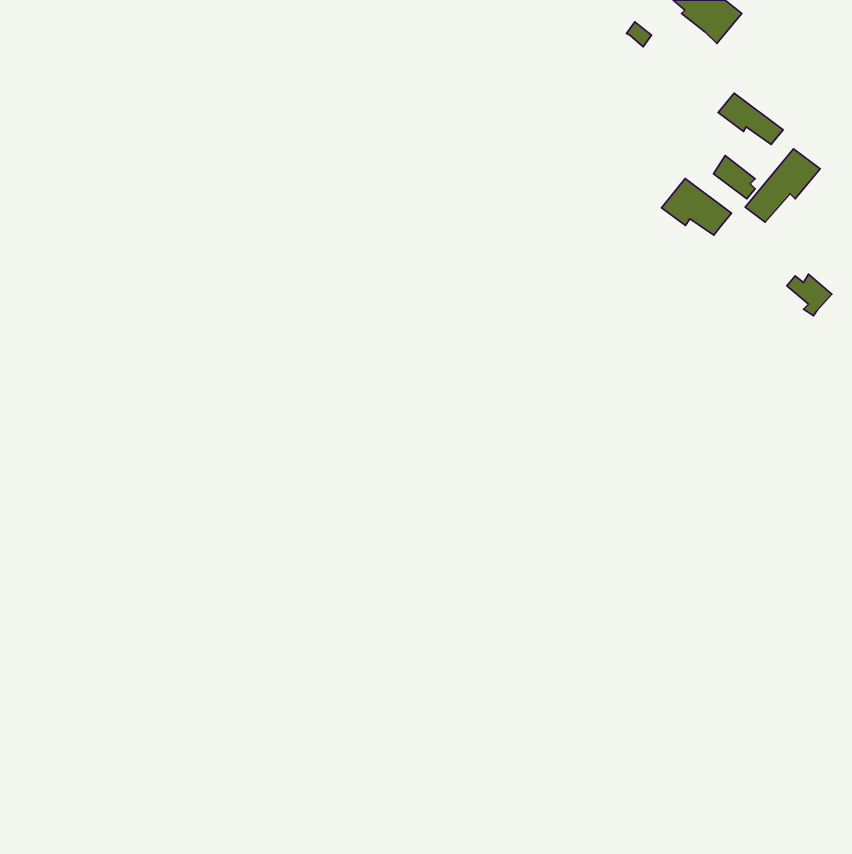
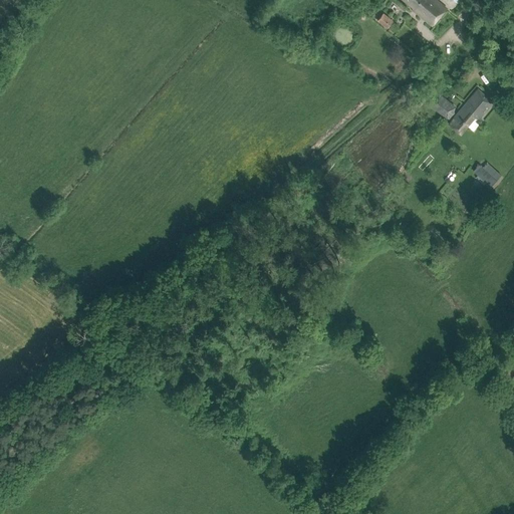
building: [718,93,783,144] -> none
building: [662,178,731,235] -> none

